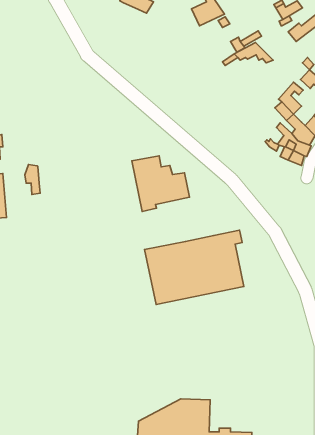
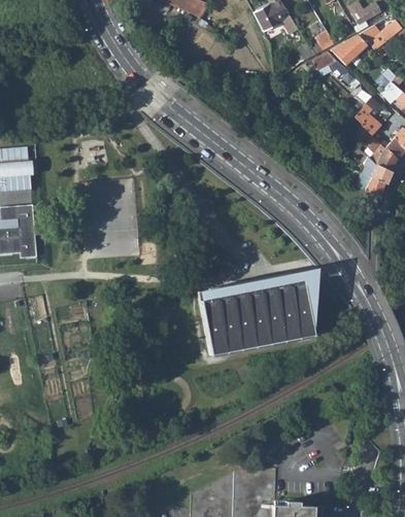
building: none -> [331,35,368,66]
building: [132,156,189,212] -> none
building: [25,164,40,194] -> none

